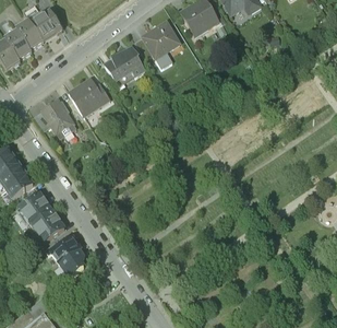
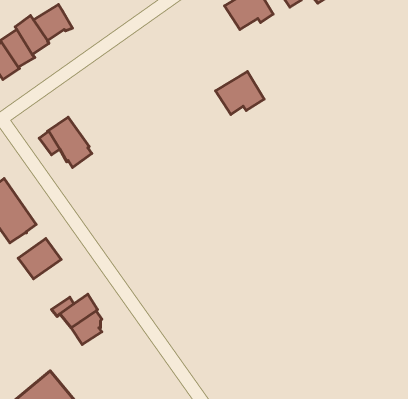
building: [142,21,180,55] -> [215,71,264,115]
building: [105,47,145,83] -> none
building: [69,78,110,116] -> none
building: [31,211,64,244] -> none

